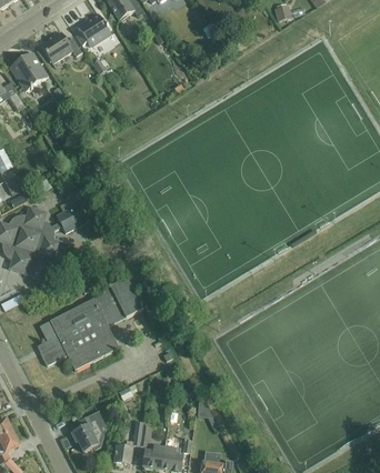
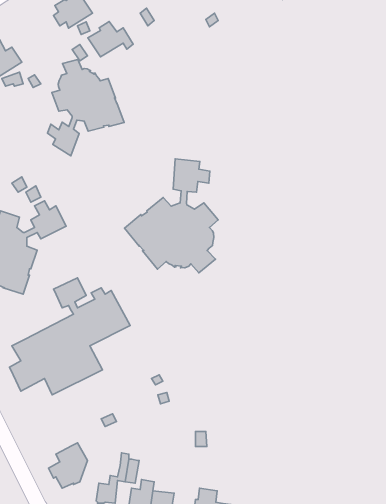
building: [41,31,81,62] -> [88,22,133,57]
building: none -> [48,59,124,156]
building: none -> [124,159,218,273]

